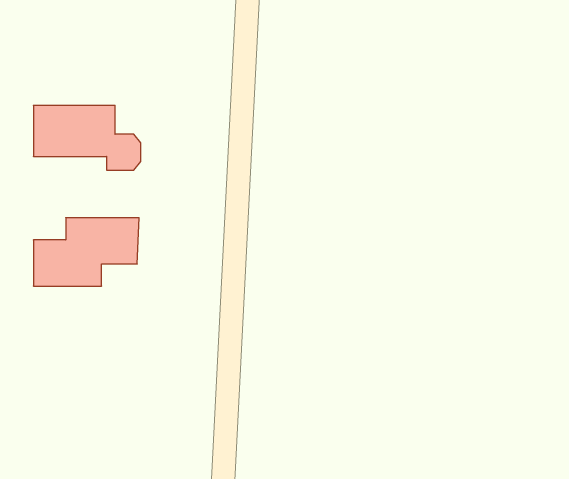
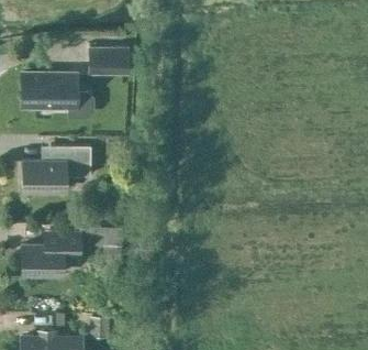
building: none -> [89,47,127,74]
building: none -> [21,232,79,274]

